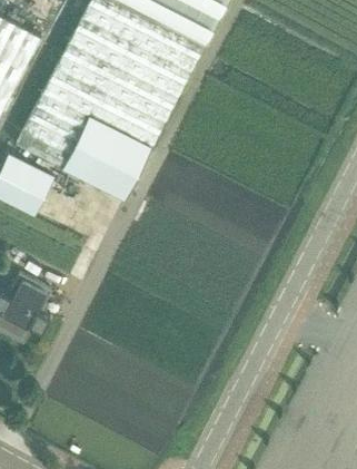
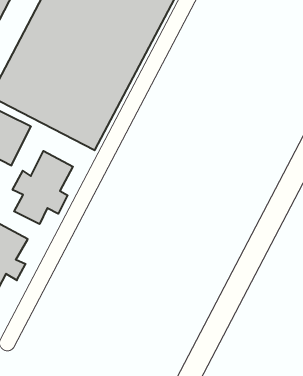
building: none -> [13,151,73,224]

